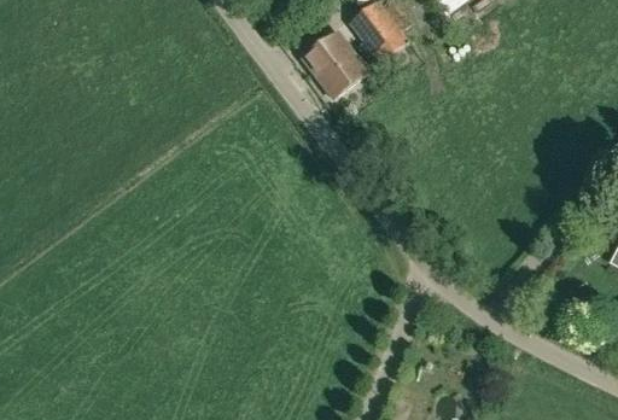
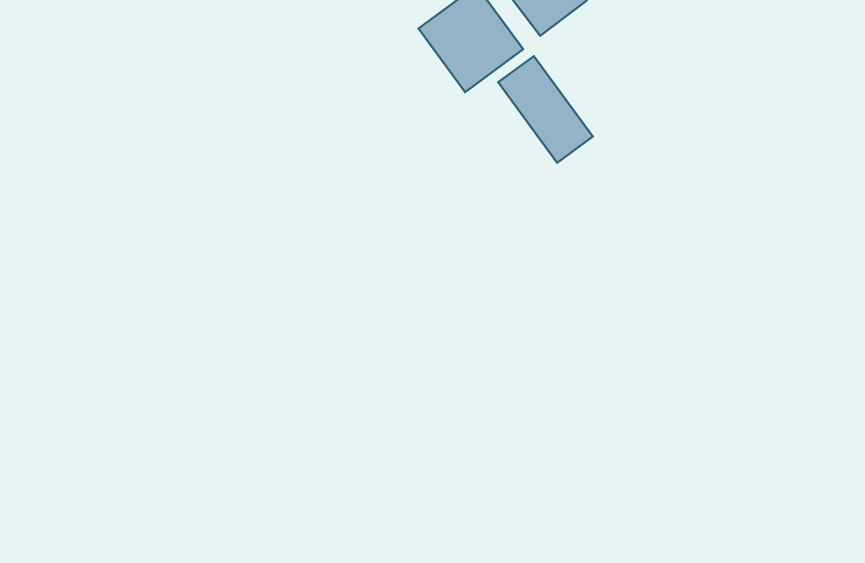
building: none -> [498,56,593,163]

